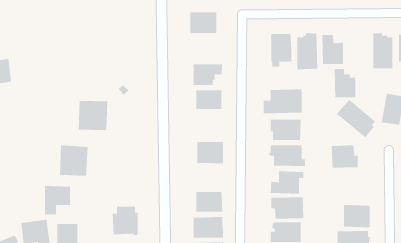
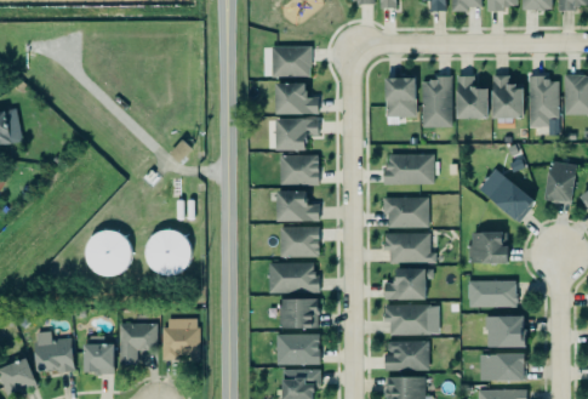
building: none -> [276,80,319,113]
building: [334,69,356,98] -> [492,74,524,115]
building: [78,100,108,131] -> [147,232,189,274]
building: none -> [276,188,319,218]
building: none -> [269,262,319,291]
building: none -> [469,280,518,308]
building: [44,186,71,215] -> [120,323,158,364]

